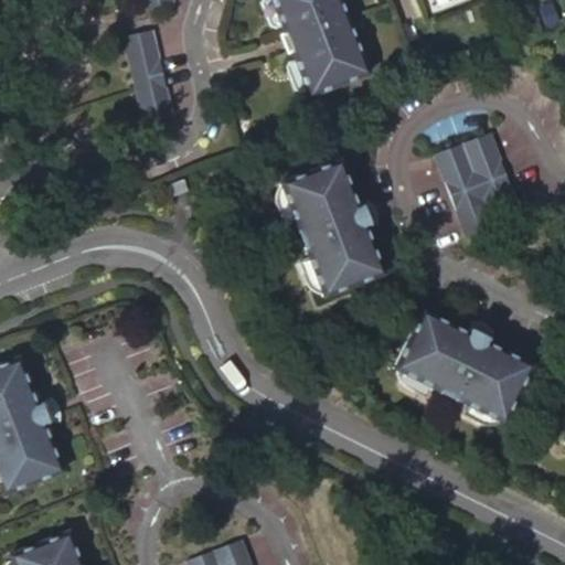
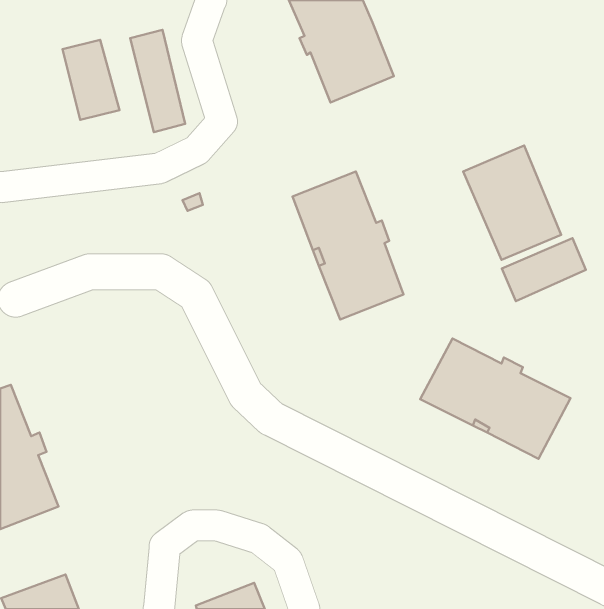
building: none -> [62,40,120,120]
building: none -> [502,238,586,301]

